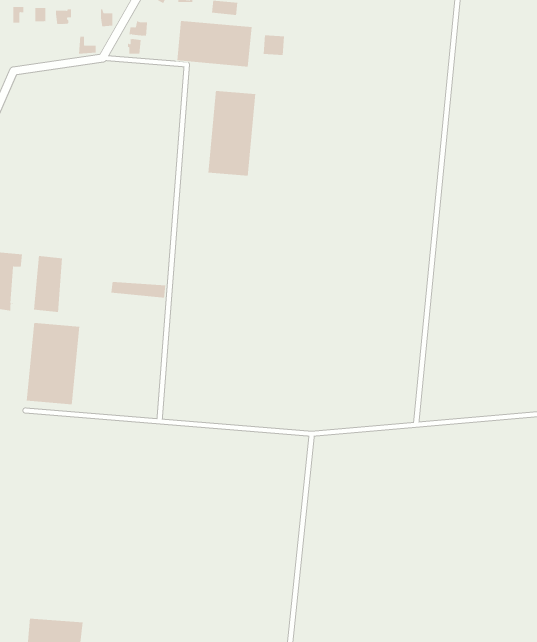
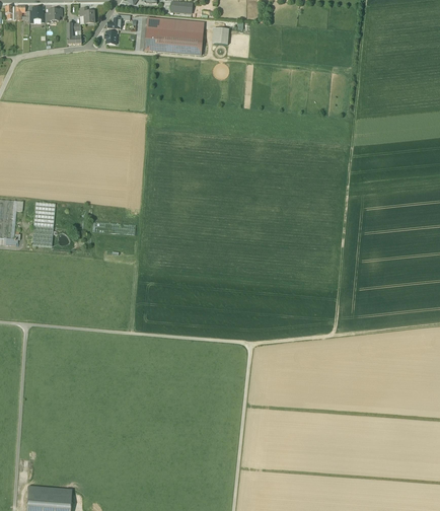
building: [208,90,256,176] -> none
building: [26,322,80,405] -> none

